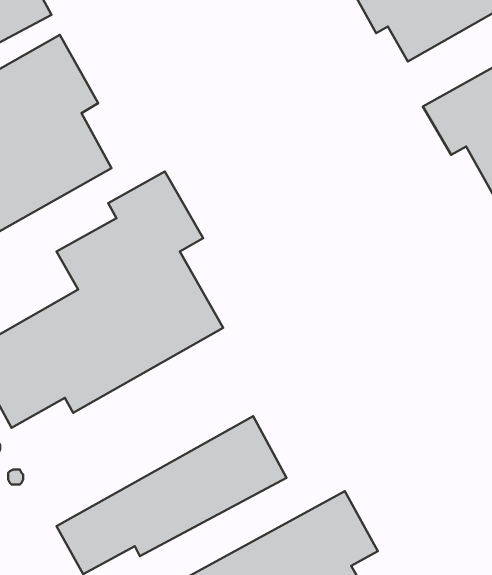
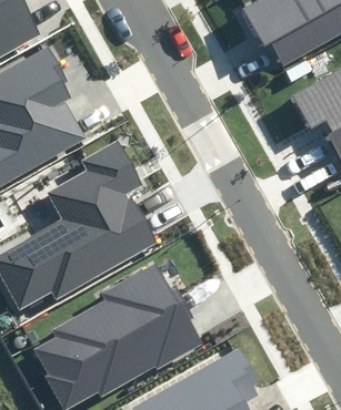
building: none -> [32,262,178,376]

